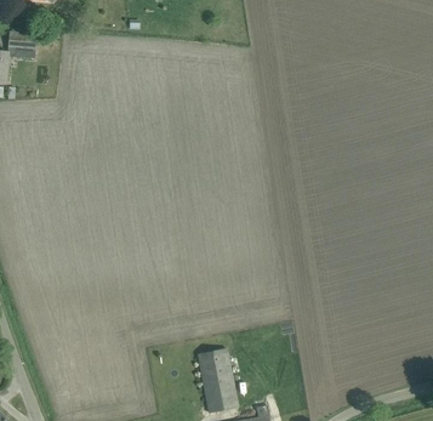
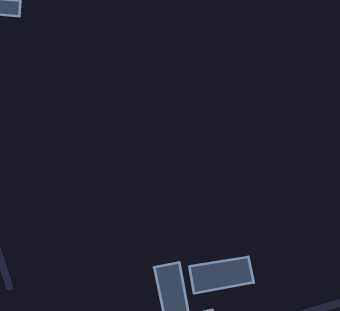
building: none -> [190,257,254,293]

